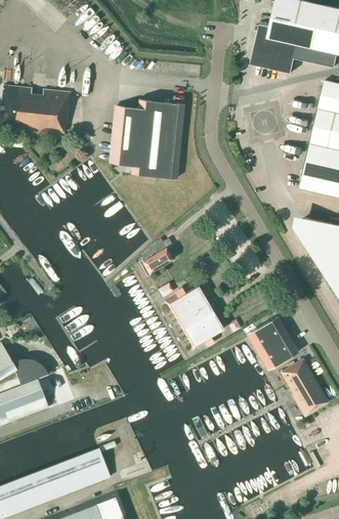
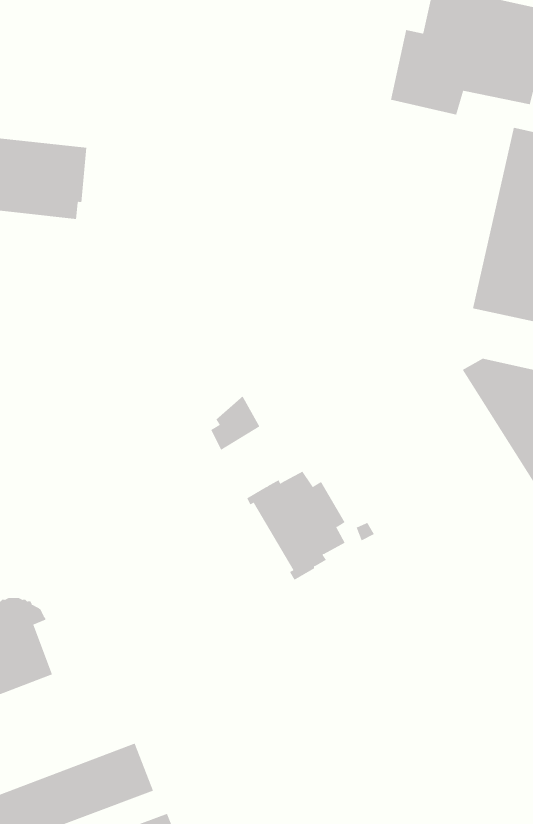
building: [112,99,185,178] -> none
building: [247,316,298,370] -> none
building: [282,359,328,415] -> none

